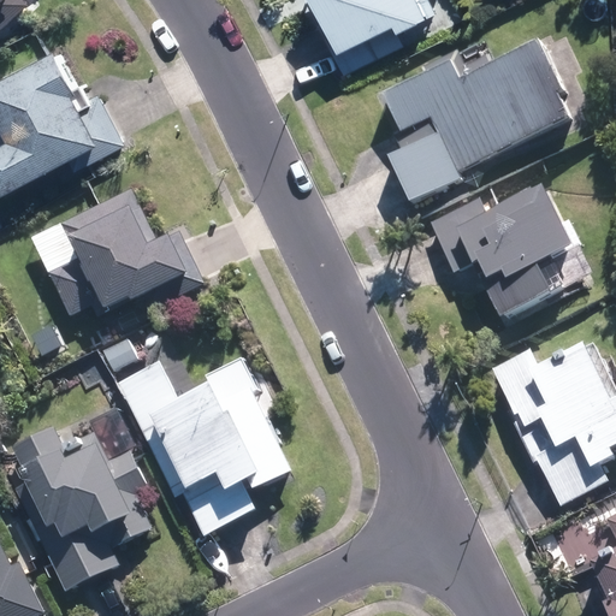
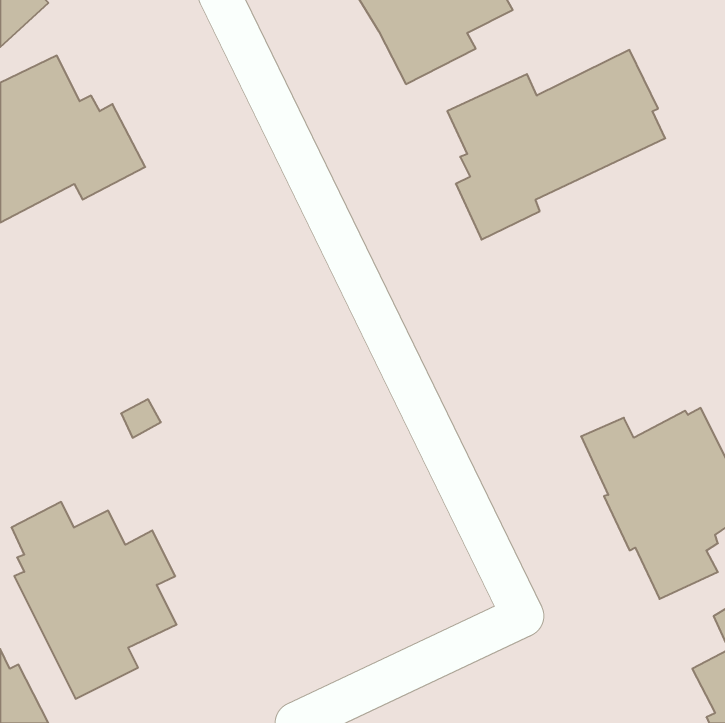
building: [49,186,206,315] -> none
building: [431,190,593,319] -> none
building: [119,362,291,537] -> none

